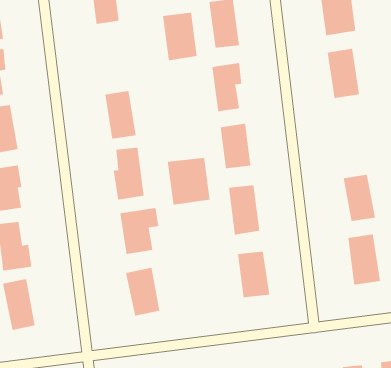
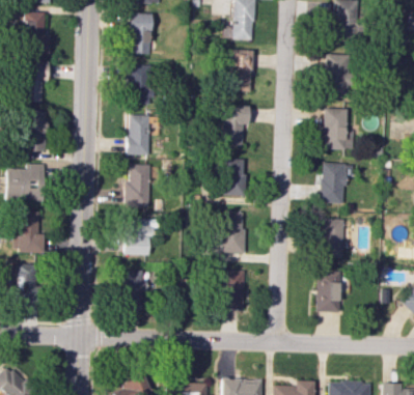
building: [162,12,198,61] -> [129,64,156,104]
building: none -> [321,163,346,203]
building: [167,157,210,206] -> none

